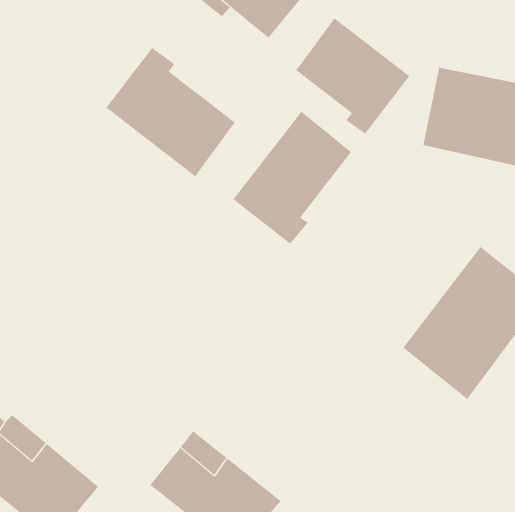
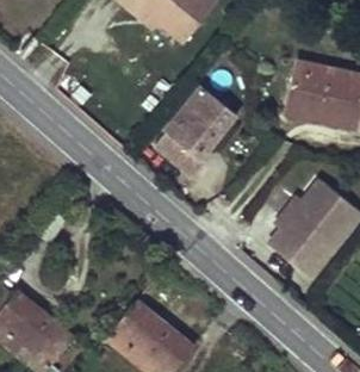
building: [295,17,410,135] -> none
building: [105,47,235,177] -> none

